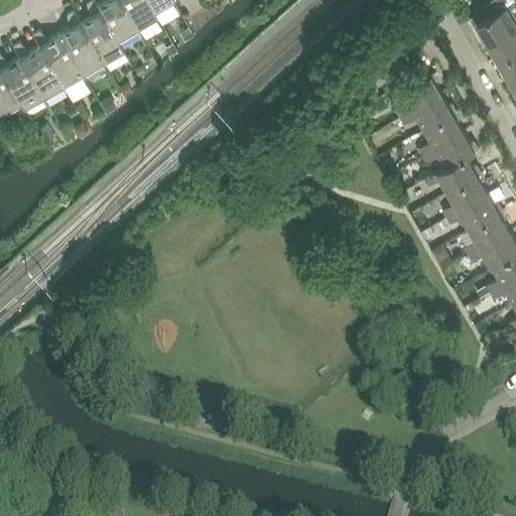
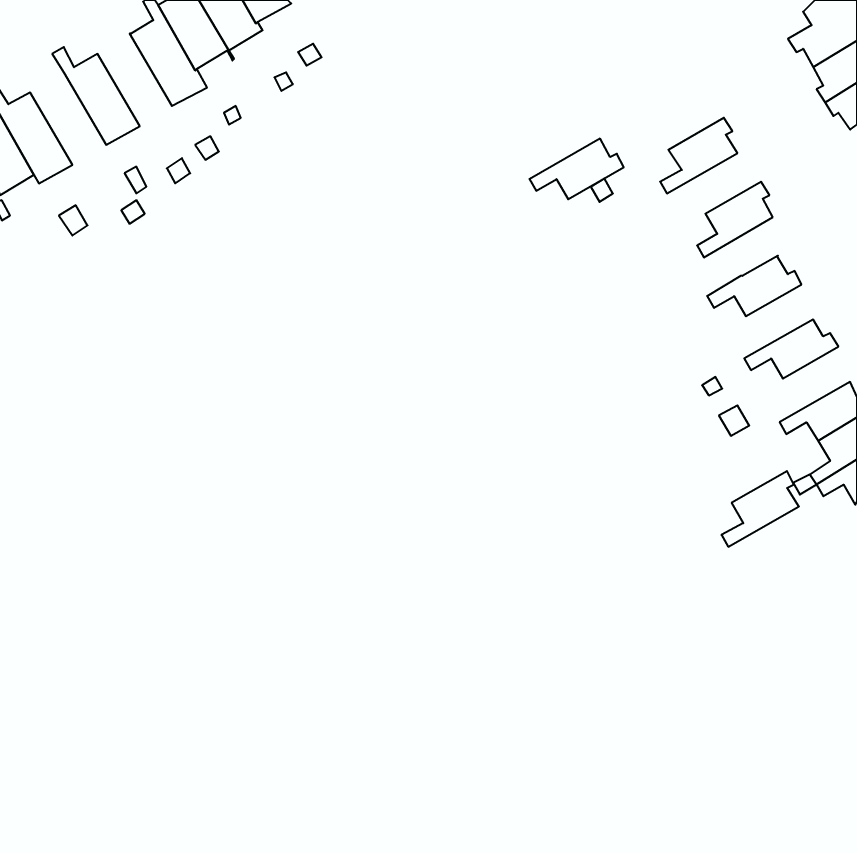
building: [58,13,103,80] -> none
building: [12,44,63,103] -> none
building: [399,96,456,132] -> [529,139,624,199]
building: [421,134,478,169] -> none
building: [441,174,487,219] -> none
building: [463,212,509,257] -> [721,471,799,547]

